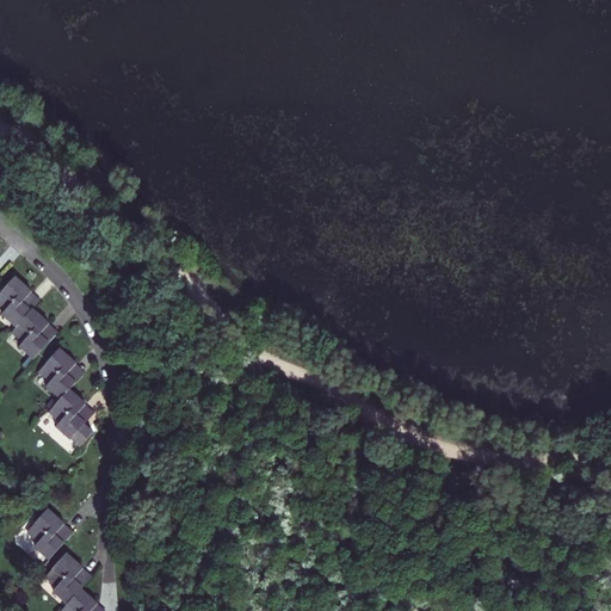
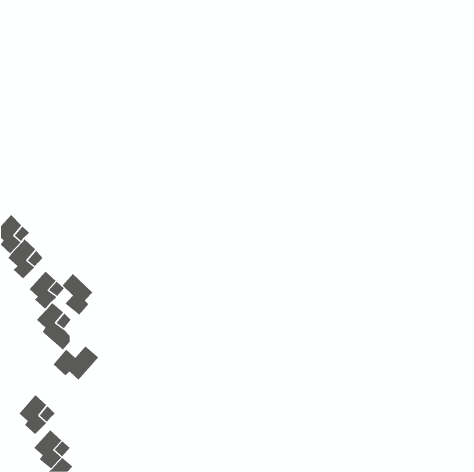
building: none -> [62,273,93,316]
building: none -> [53,346,99,380]

